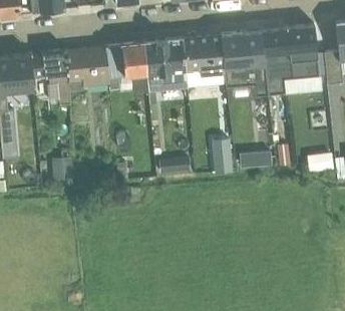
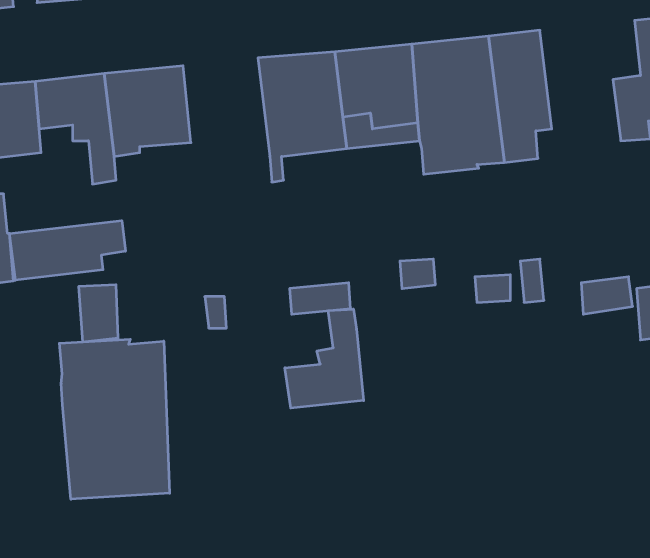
building: [287,26,319,79] -> none
building: [105,43,149,96] -> none
building: none -> [10,221,125,280]
building: none -> [285,309,364,408]
building: none -> [59,339,170,499]

